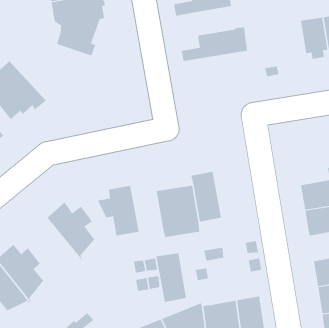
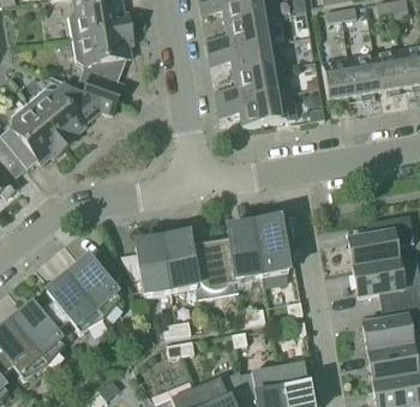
building: none -> [210,41,276,73]
building: none -> [323,56,354,103]
building: none -> [26,78,118,145]
building: none -> [218,90,295,126]
building: none -> [252,220,287,275]
building: none -> [47,275,107,331]
building: [155,253,187,303] -> [161,235,196,291]

